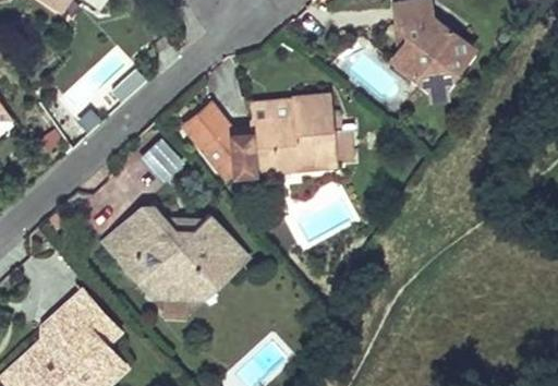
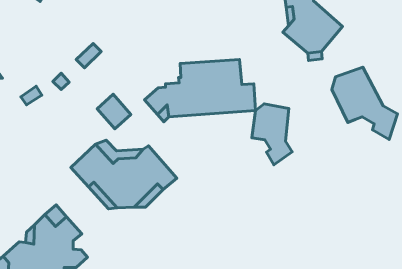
building: [181,101,232,149] -> none
building: none -> [332,67,398,139]
building: none -> [252,104,292,165]

